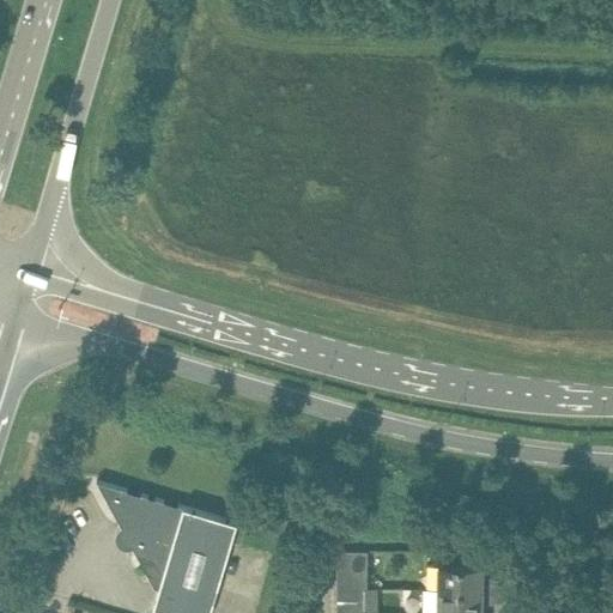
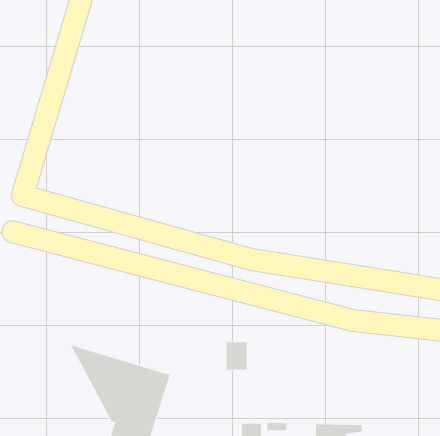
building: [335,554,365,594] -> [226,342,247,370]
building: [438,570,504,596] -> none

